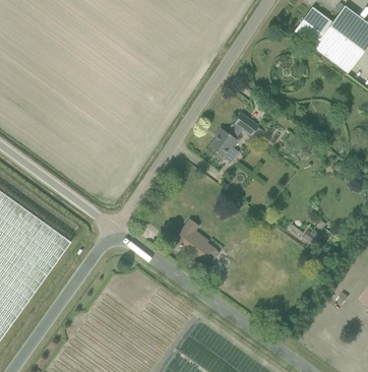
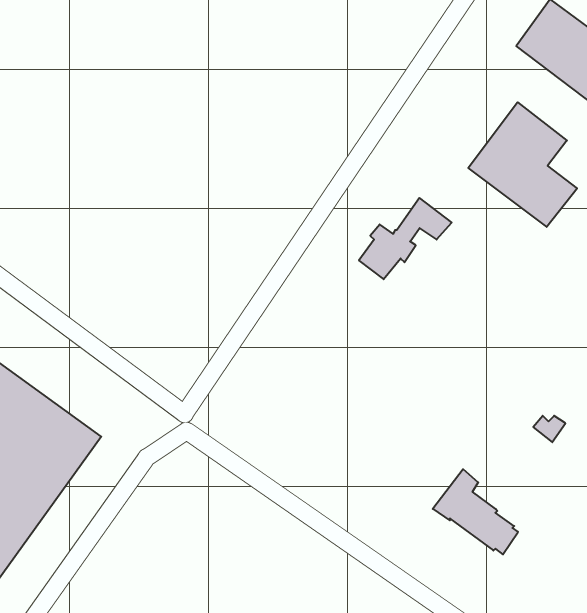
building: none -> [468,102,577,227]
building: [173,219,219,264] -> [433,469,518,554]

